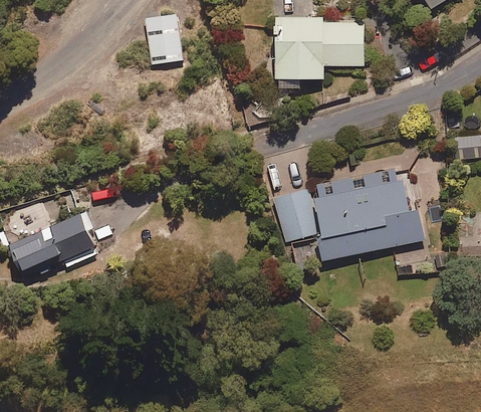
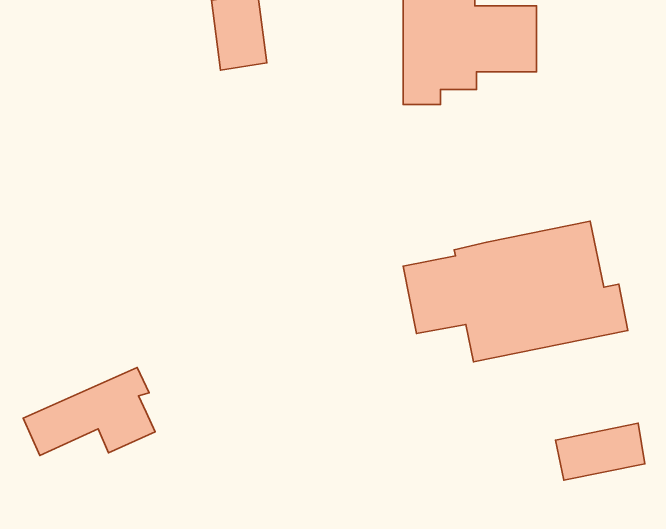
building: [9,211,97,270] -> [23,367,155,456]
building: none -> [556,423,645,480]

